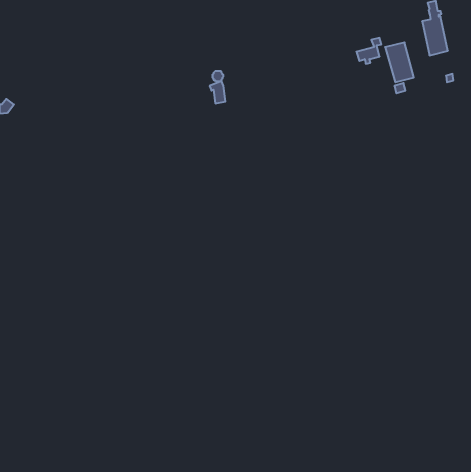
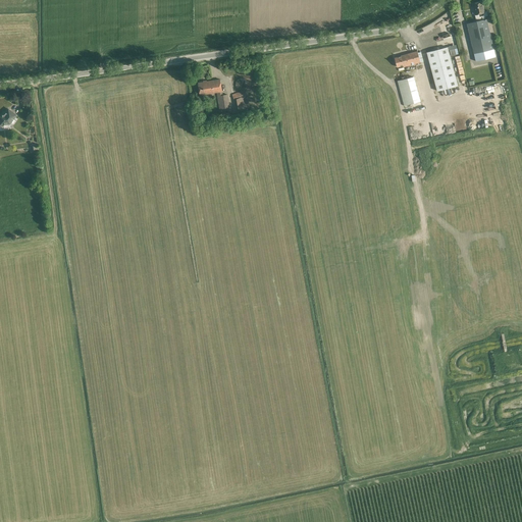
building: none -> [397,76,418,105]
building: none -> [197,80,228,111]

